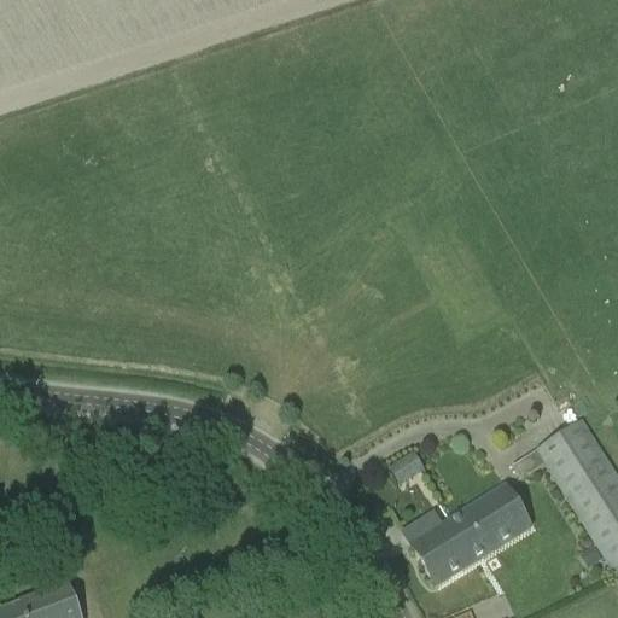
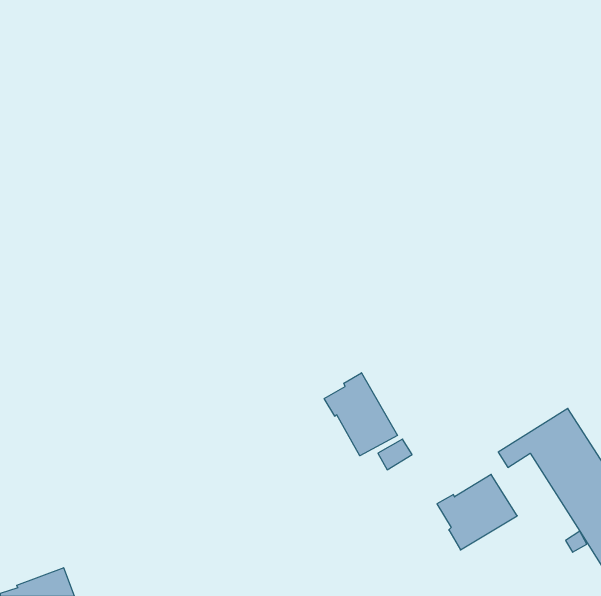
building: none -> [324,373,397,456]
building: [403,511,473,584] -> none

